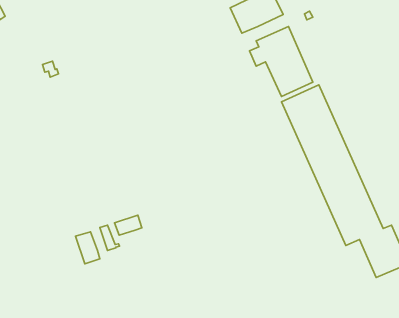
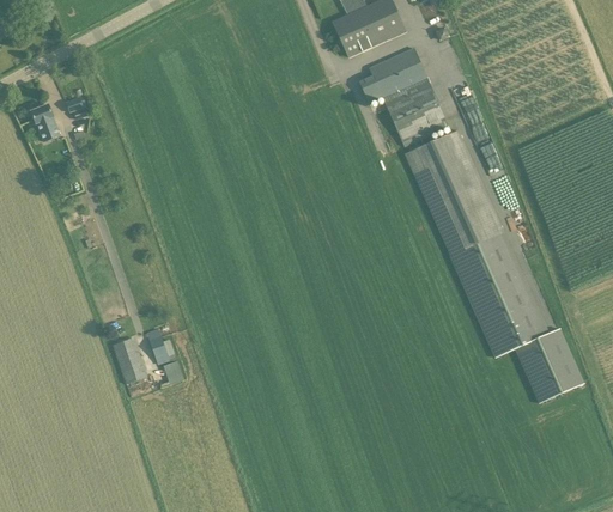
building: none -> [30,104,57,140]
building: [115,215,142,235] -> none

